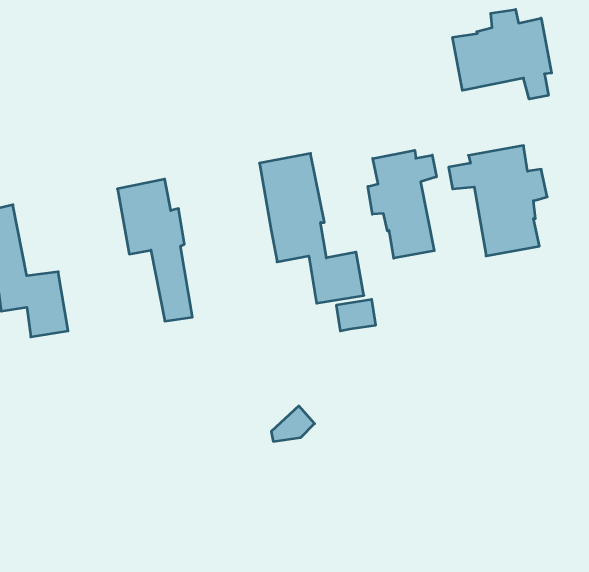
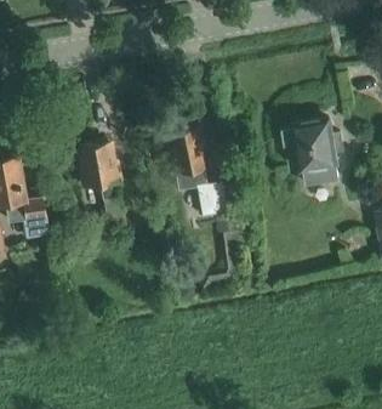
building: [453,9,552,99] -> none
building: [368,150,436,258] -> none

